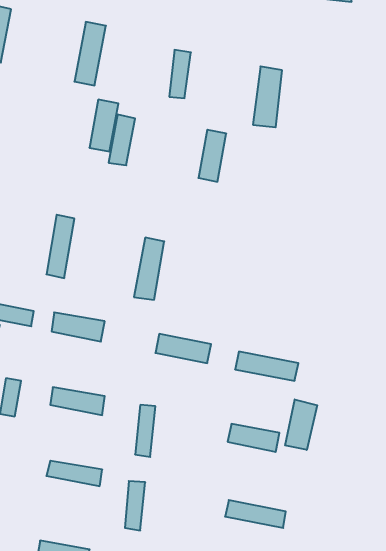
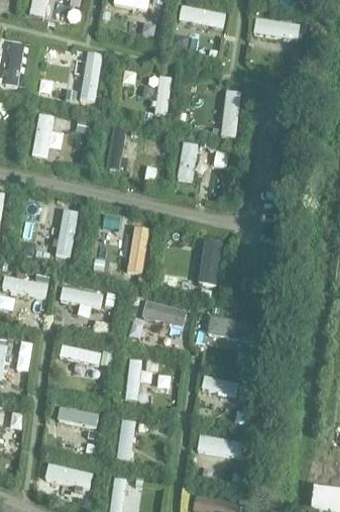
building: [89,100,118,152] -> [33,113,56,155]
building: none -> [198,240,222,284]
building: [285,399,317,450] -> none

